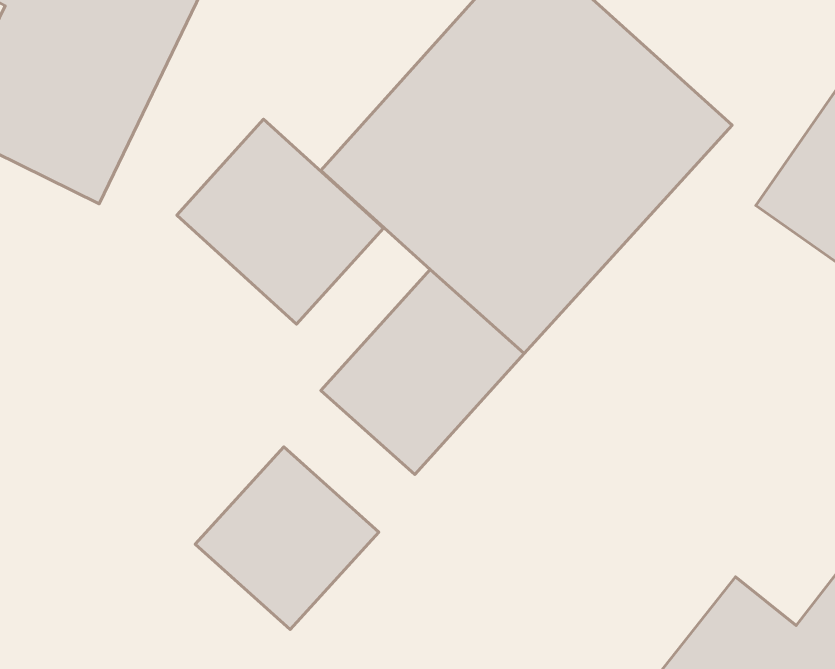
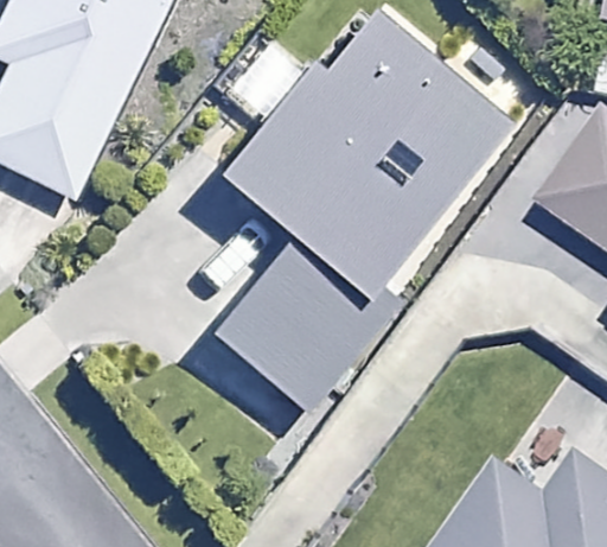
building: [177,119,383,324] -> none
building: [195,447,379,630] -> none

